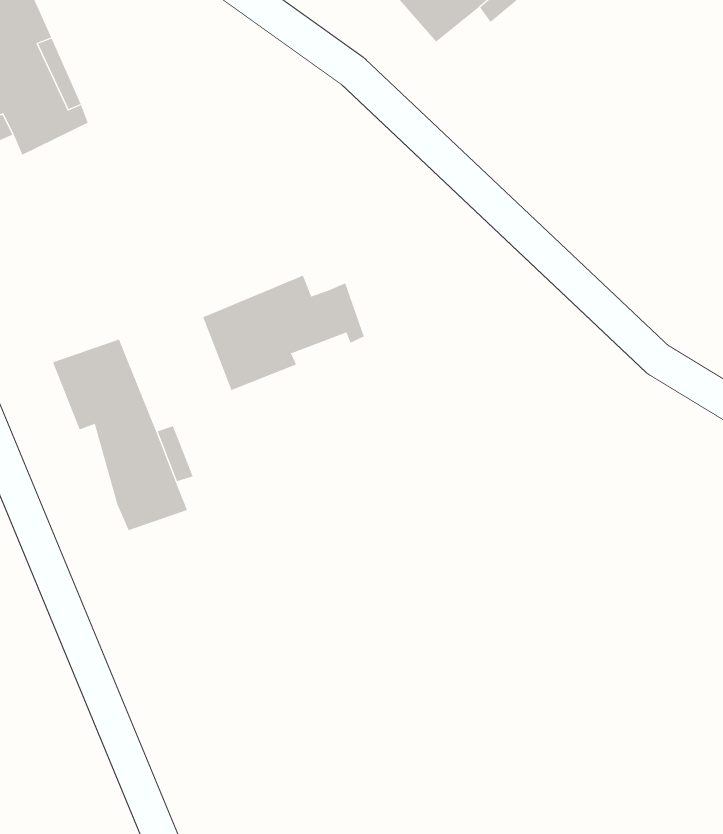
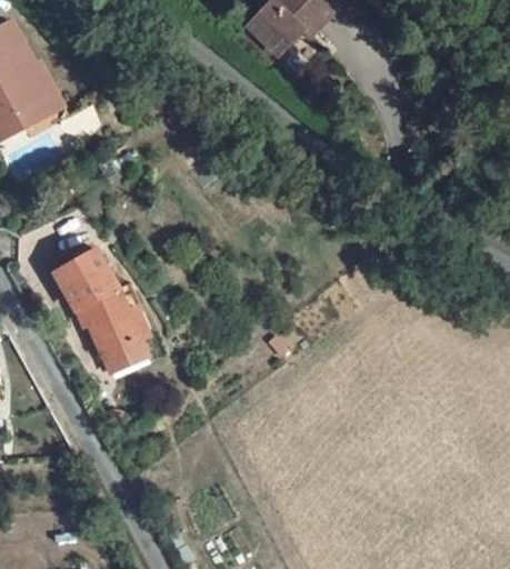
building: [203,275,365,391] -> none

